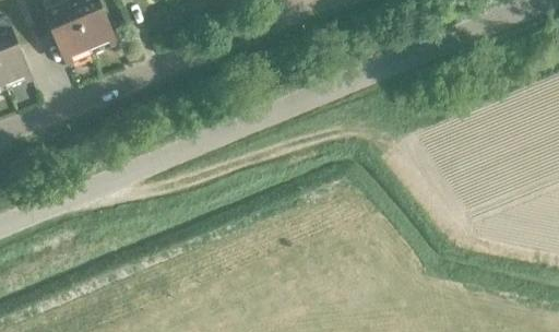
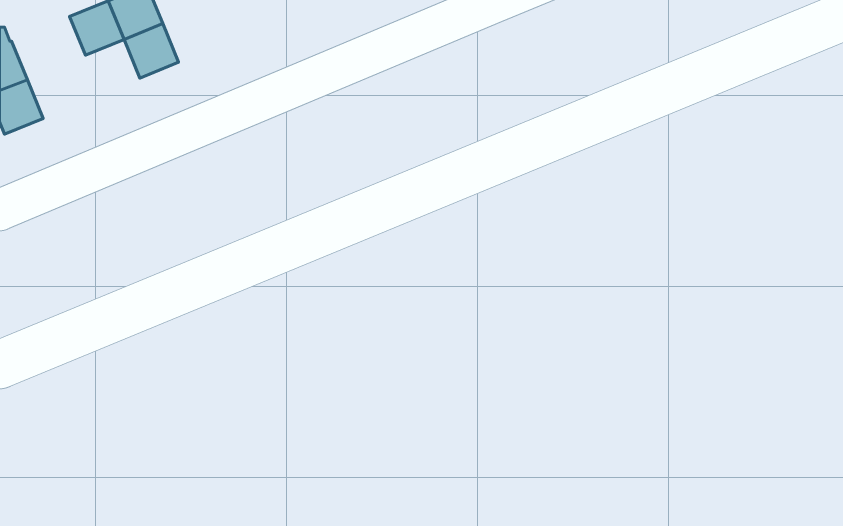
building: [53,27,87,61] -> none

